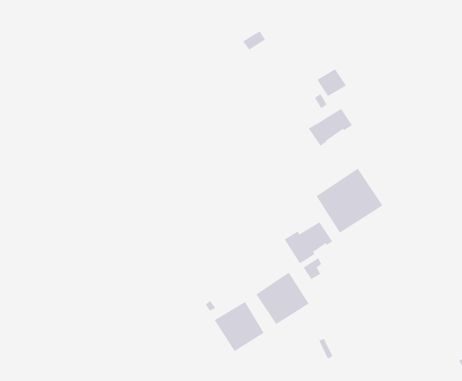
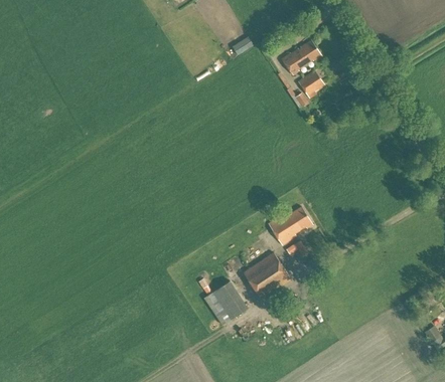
building: [308,108,353,146] -> [281,41,321,75]
building: [316,168,383,233] -> none

